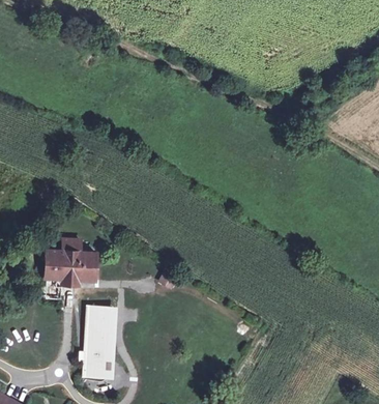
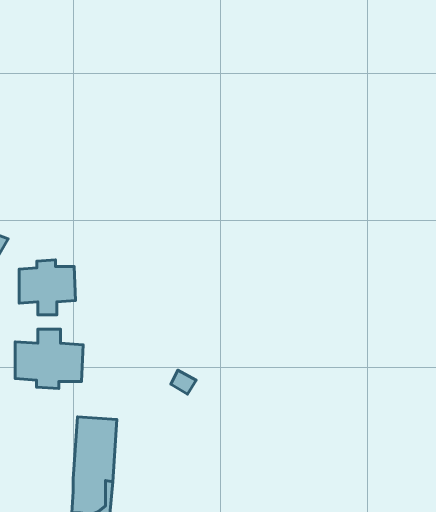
building: none -> [19,260,75,315]

